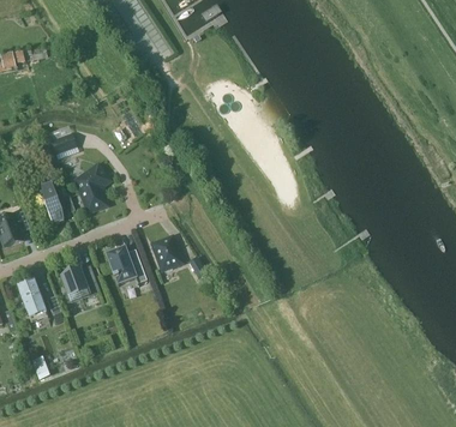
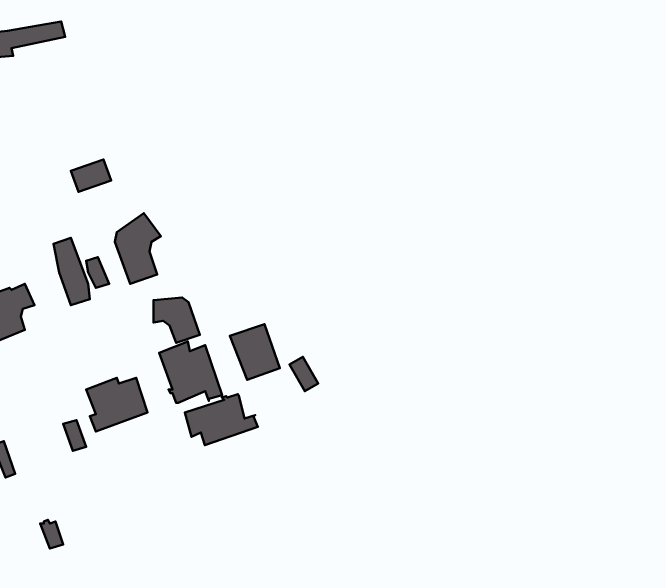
building: none -> [154,297,200,343]
building: [17,278,48,318] -> none
building: none -> [185,394,258,445]

